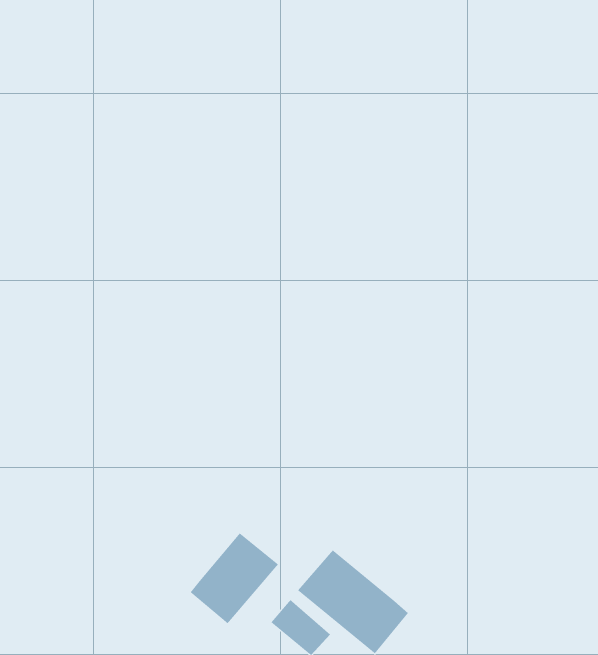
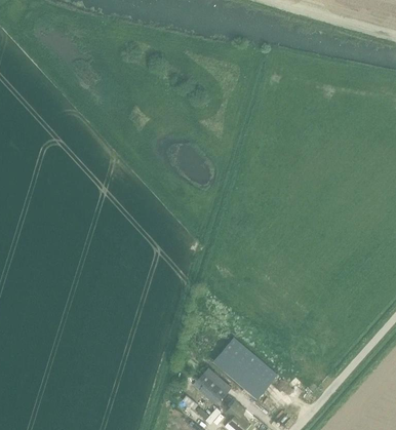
building: [190,532,279,624] -> none

